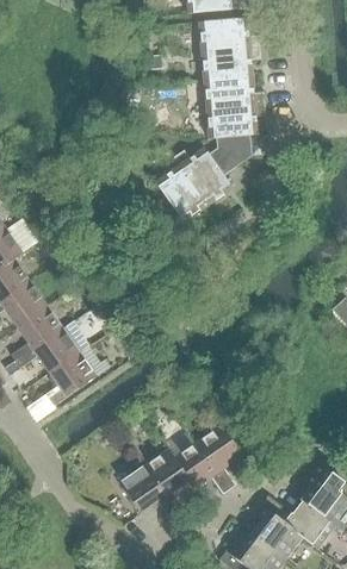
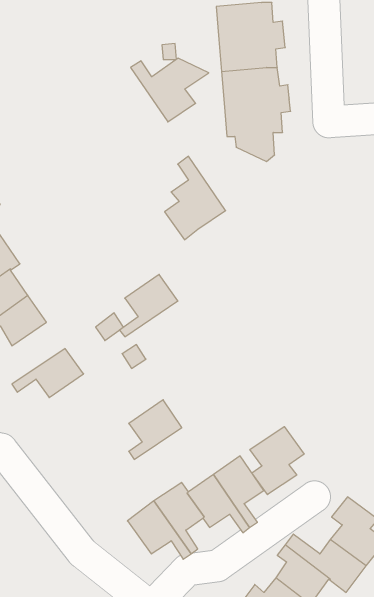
building: [174,146,244,204] -> [131,58,209,122]
building: [11,304,63,359] -> [120,274,178,337]
building: [49,350,97,404] -> [129,400,182,459]
building: none -> [250,427,304,495]

